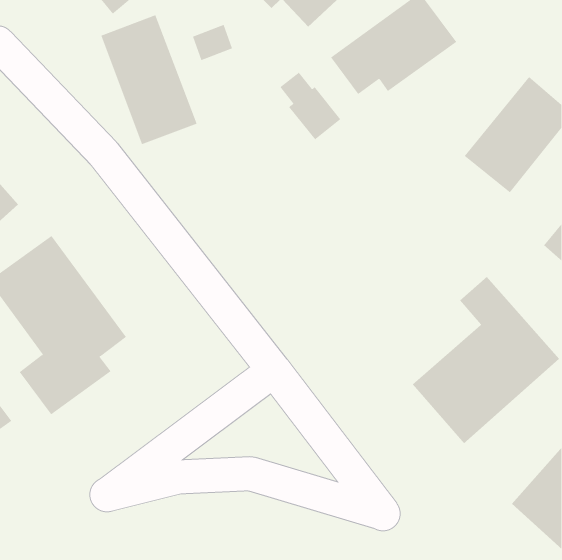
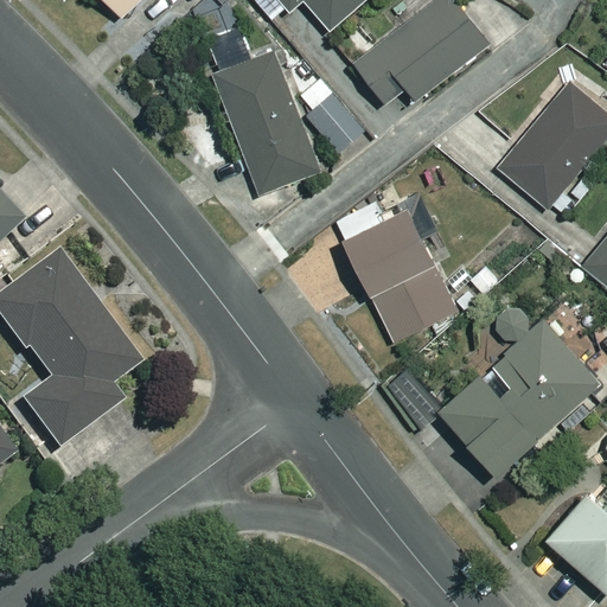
building: [100,15,198,145] -> [215,51,319,191]
building: none -> [336,200,460,341]

